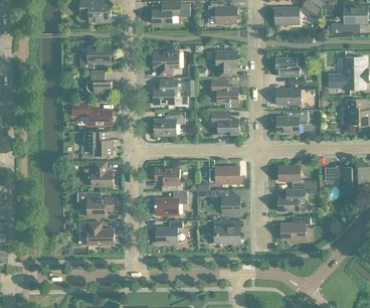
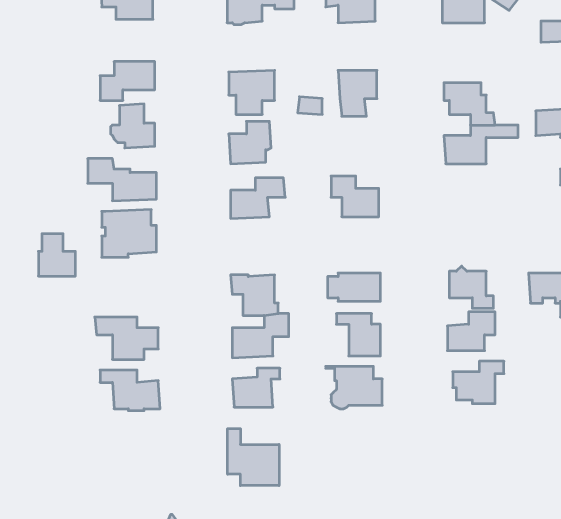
building: [211,79,238,103] -> none
building: [276,110,308,133] -> none
building: [91,161,113,185] -> [38,234,75,276]
building: none -> [228,429,279,486]

